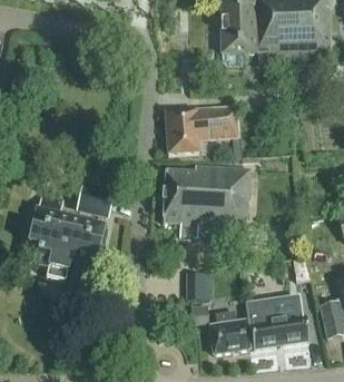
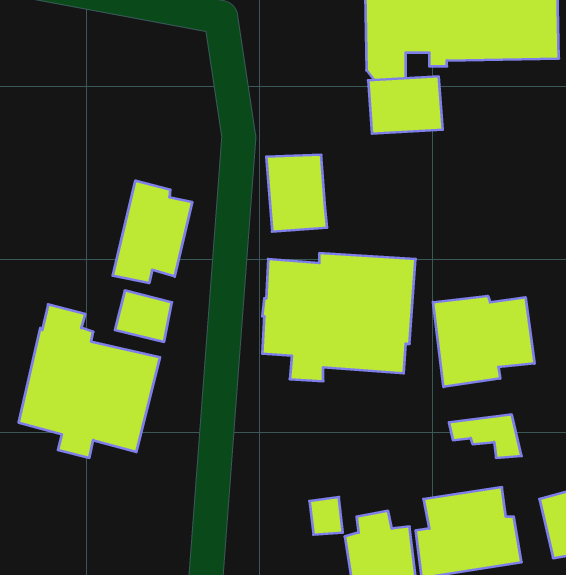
building: [196,107,238,139] -> [368,77,443,134]
building: none -> [113,181,192,283]
building: none -> [433,296,534,387]
building: [188,271,213,297] -> none

